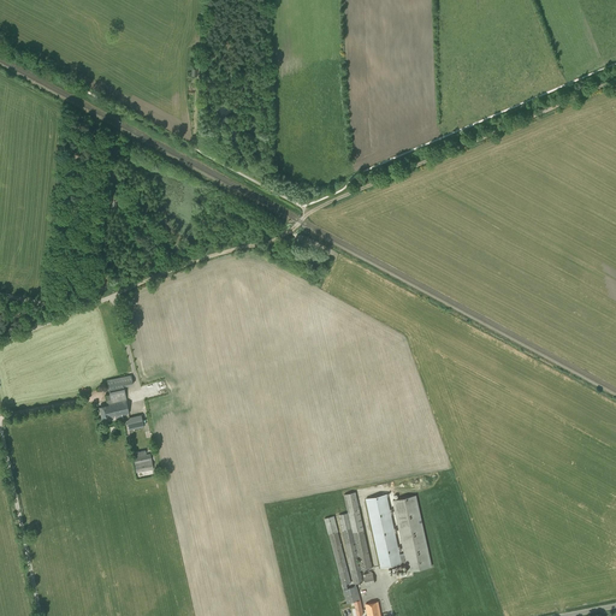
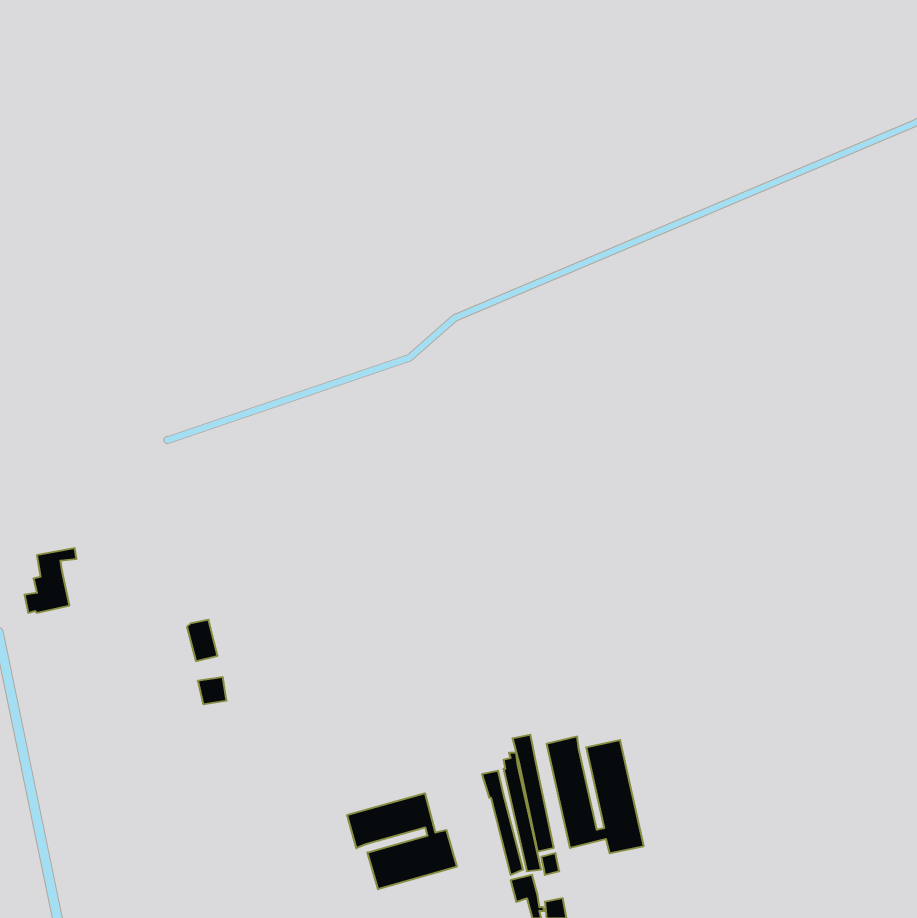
building: [97,375,132,419] -> [24,548,77,613]
building: none -> [347,793,457,889]

